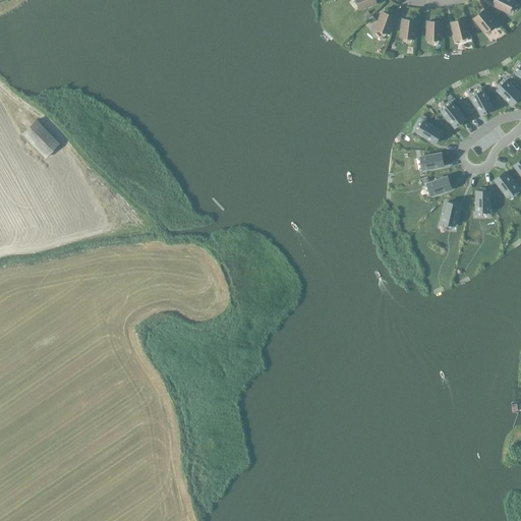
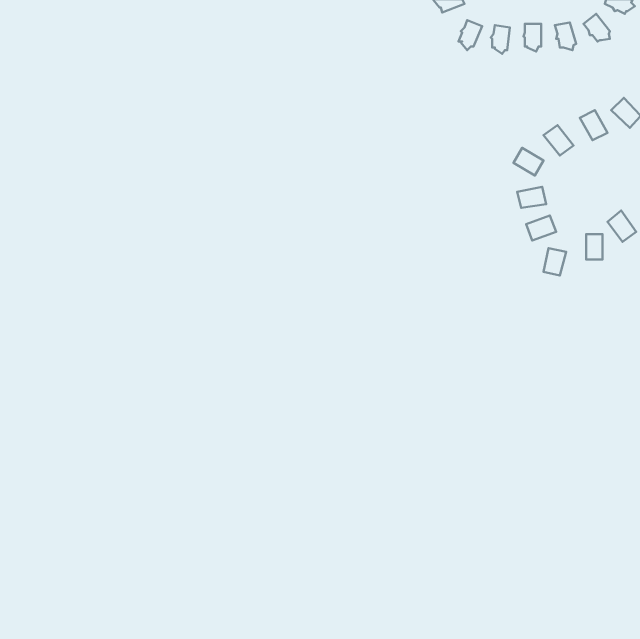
building: [20,118,60,158] -> none

